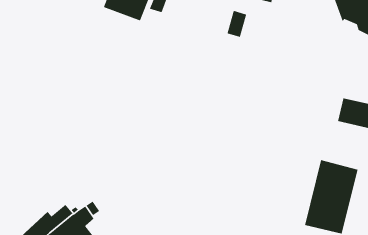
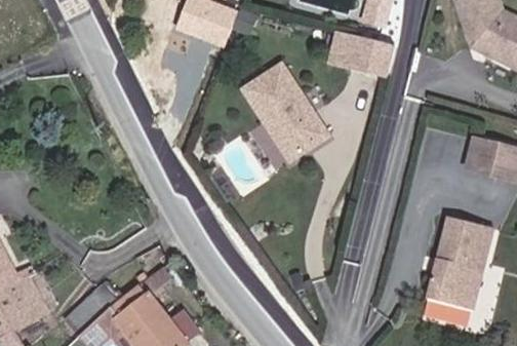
building: none -> [347,36,394,76]
building: none -> [244,66,327,159]

